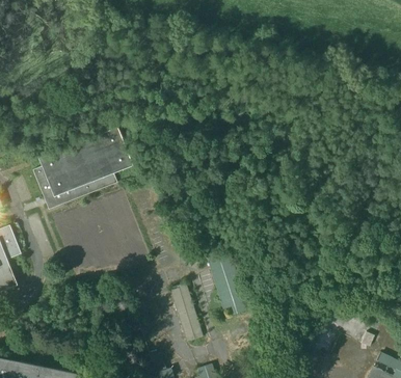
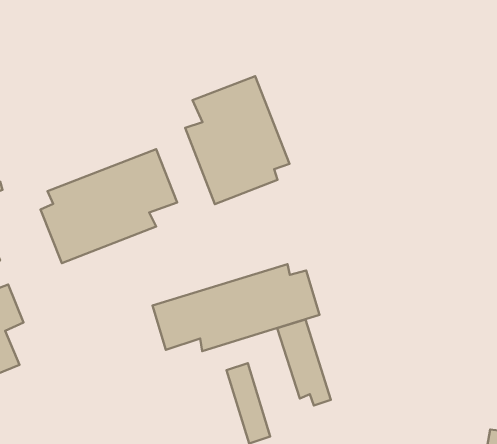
building: none -> [185,76,289,204]
building: none -> [153,264,319,351]

